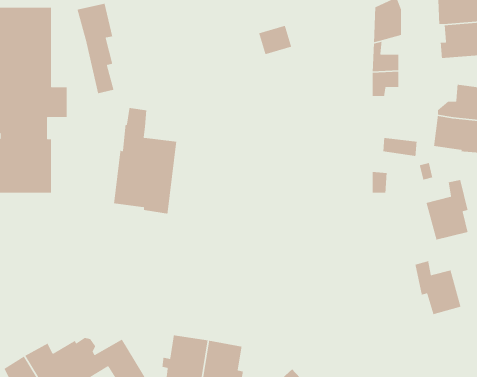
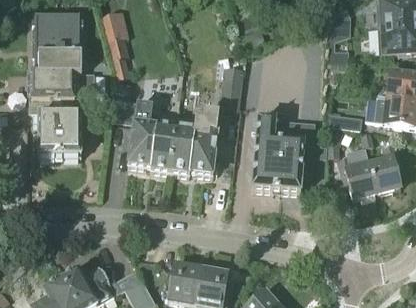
building: none -> [218,63,242,110]
building: none -> [170,111,220,175]
building: none -> [252,119,315,193]
building: [415,260,462,315] -> [339,156,375,198]

